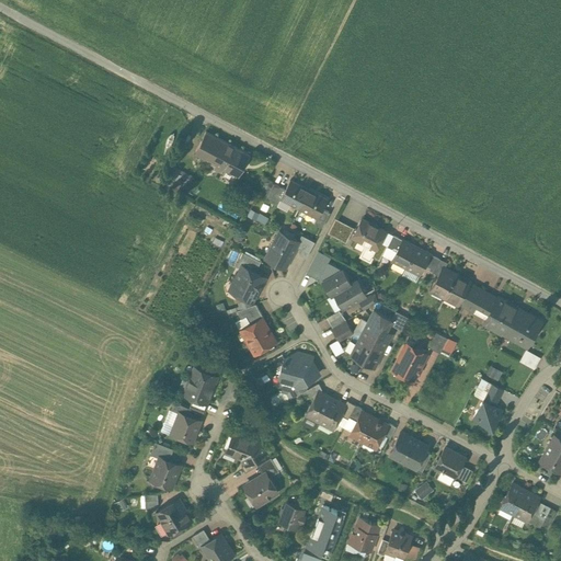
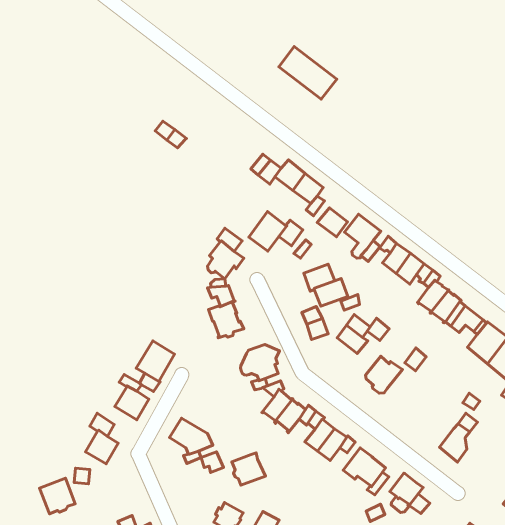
building: [195,134,250,178] -> [279,47,337,99]
building: [352,336,383,368] -> none
building: [245,473,278,505] -> [232,453,265,485]
building: [157,501,192,536] -> [40,478,75,514]

